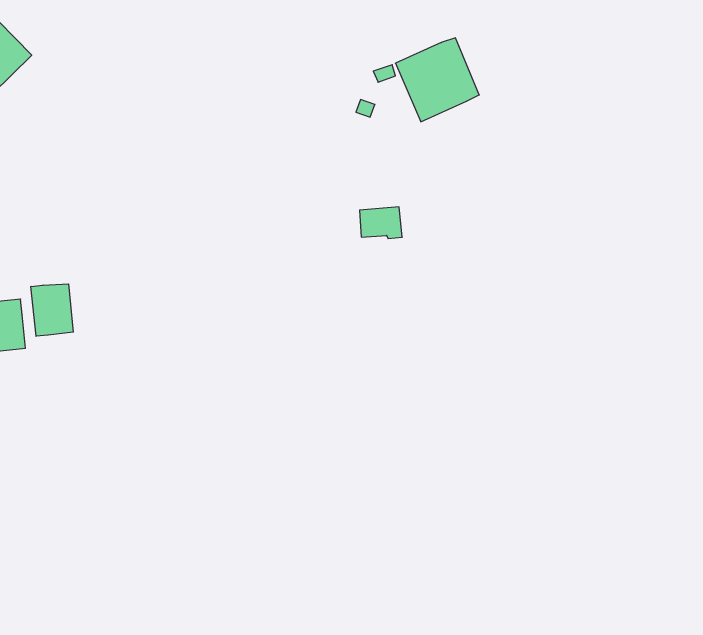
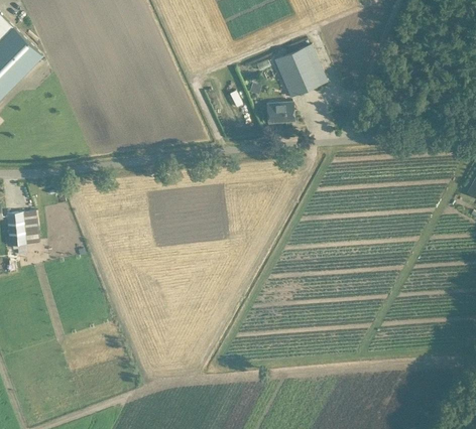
building: [360,207,402,239] -> [266,102,293,122]
building: [31,284,73,336] -> none

